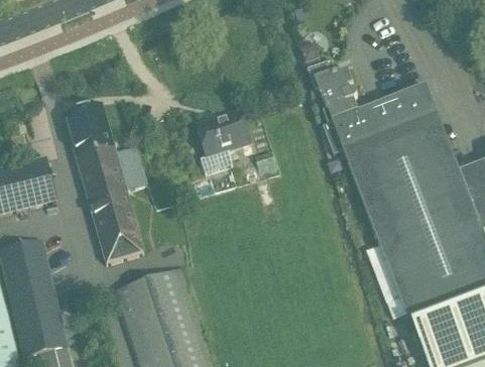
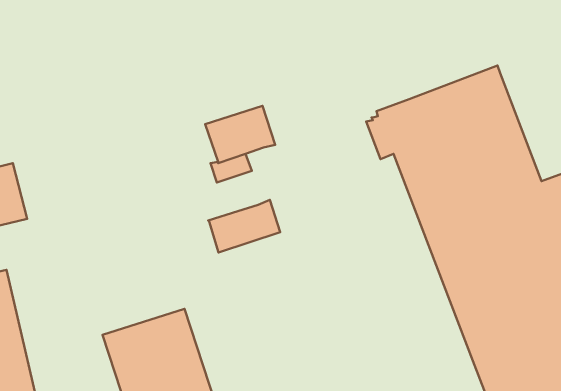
building: [311,58,355,115] -> none
building: [66,103,145,262] -> none
building: none -> [208,200,280,253]

